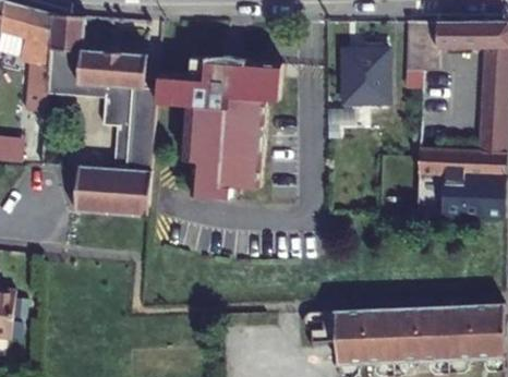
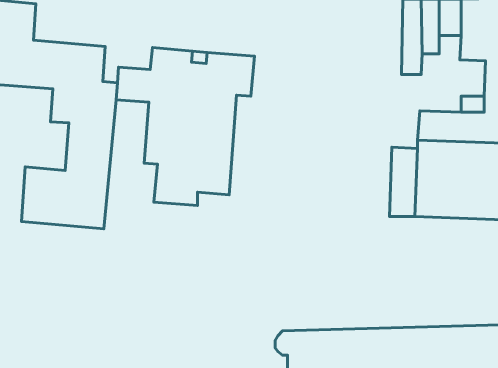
building: [347,37,395,97] -> none

